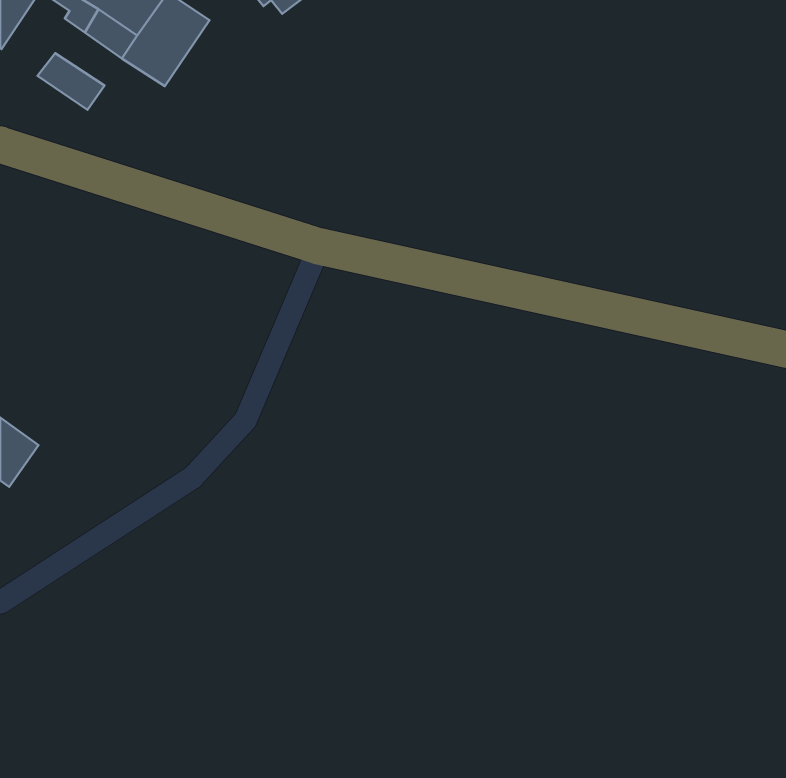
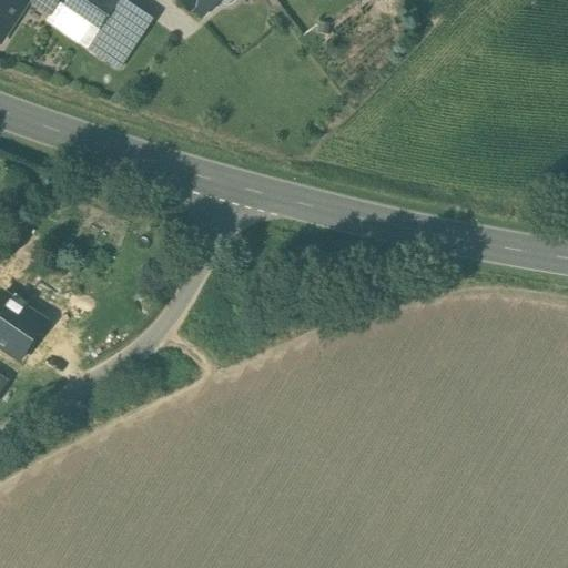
building: [37,53,104,110] -> none

